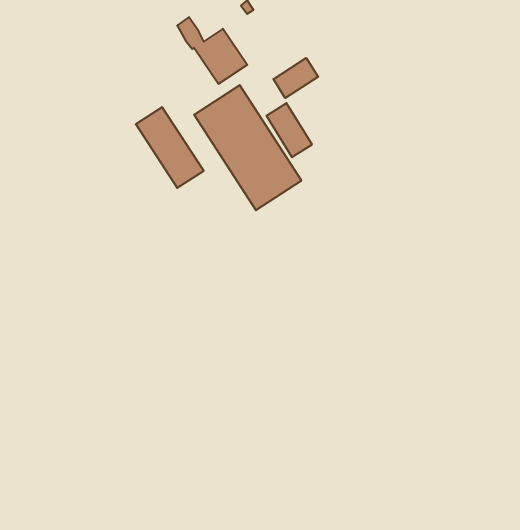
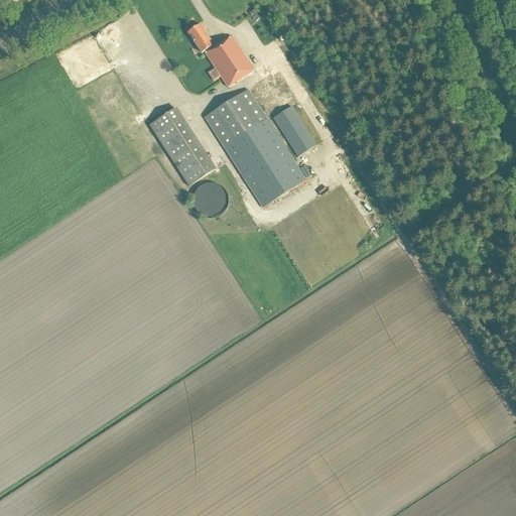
building: [273,58,318,98] -> none
building: none -> [191,182,227,218]

